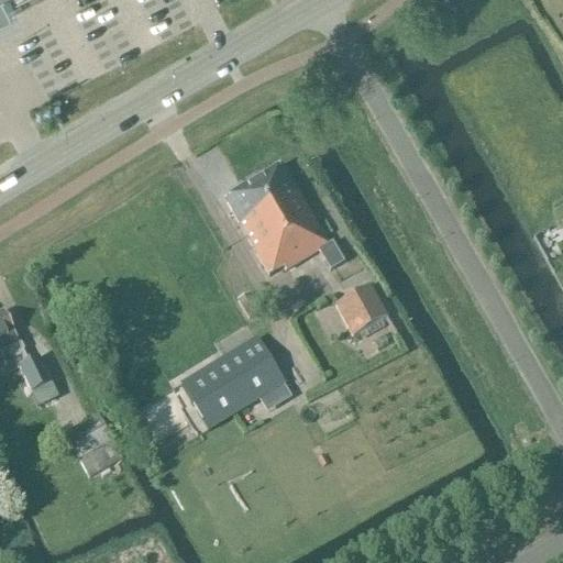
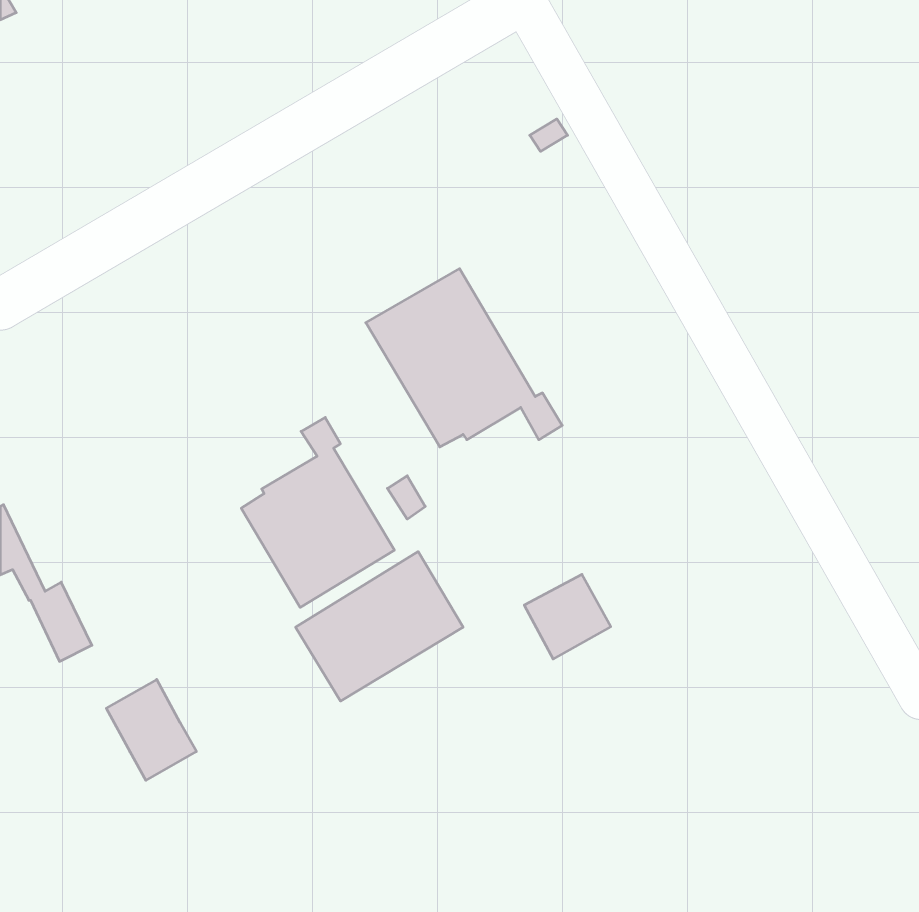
building: none -> [241,417,394,607]
building: [335,283,388,334] -> [524,574,611,659]

